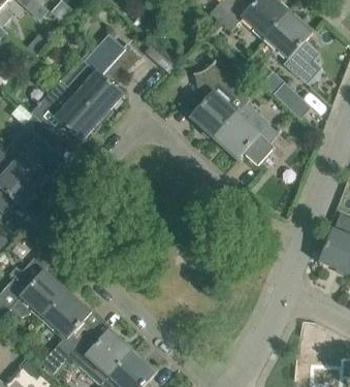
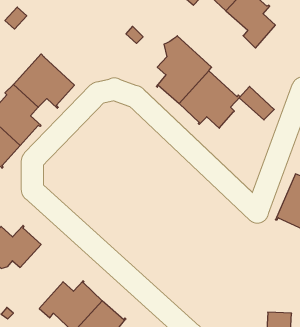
building: [67,32,142,117] -> none
building: [273,82,311,118] -> [239,86,274,120]
building: [41,289,91,358] -> none

